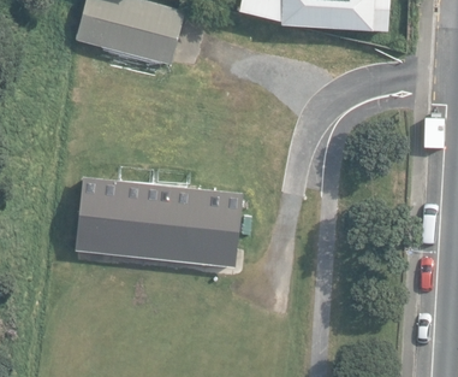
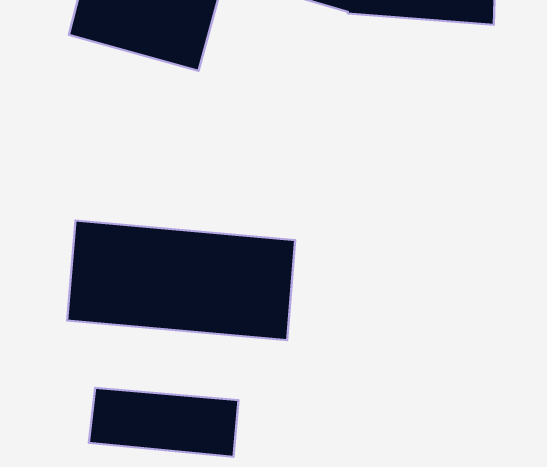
building: none -> [89,388,239,457]

